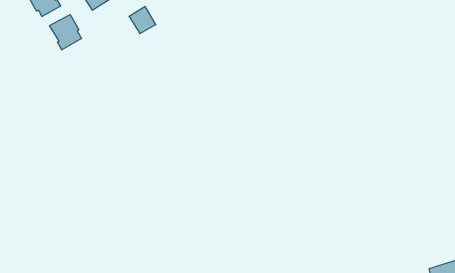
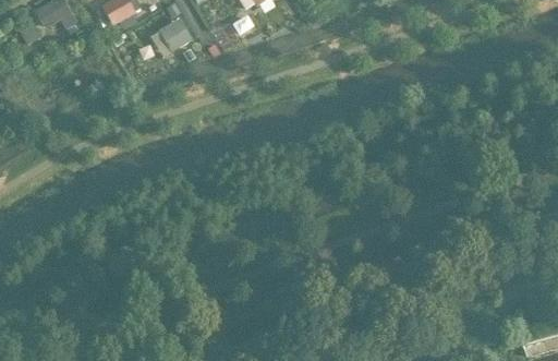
building: [50,15,82,50] -> none

